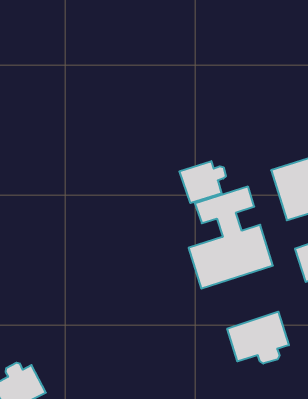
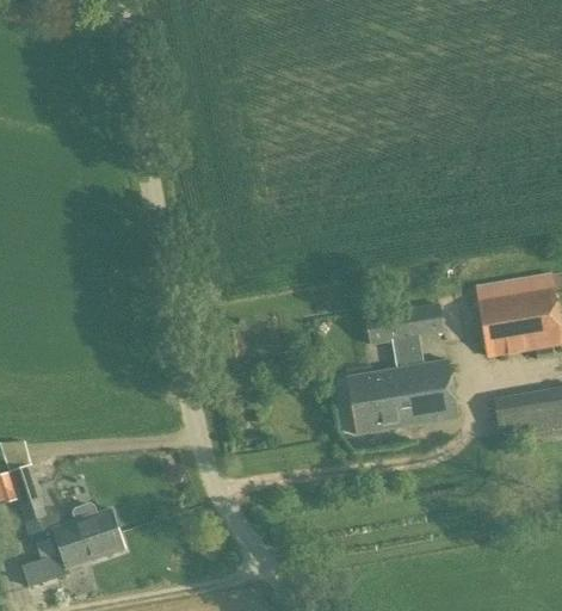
building: [179,161,226,203] -> none
building: [227,312,289,364] -> none

